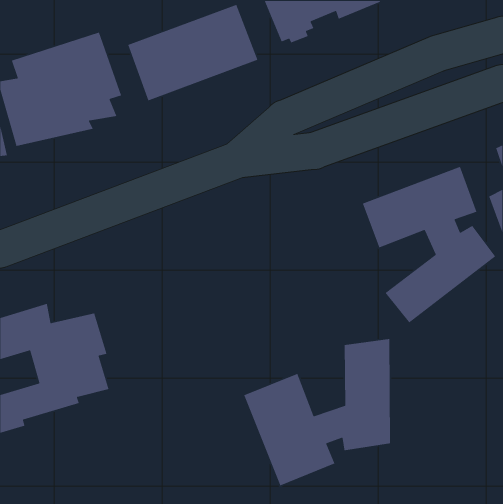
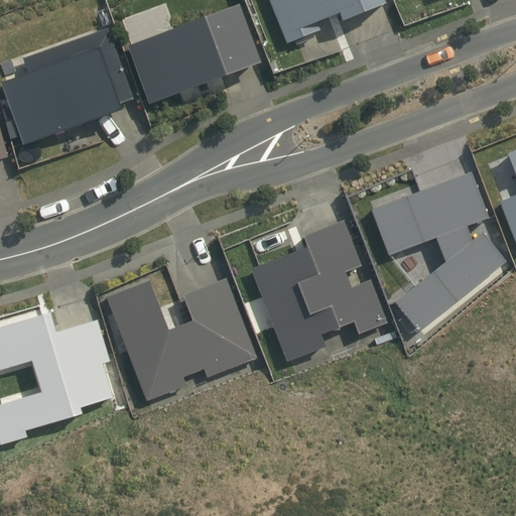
building: none -> [248,219,387,361]
building: none -> [105,278,256,400]
building: [243,338,391,487] -> none

